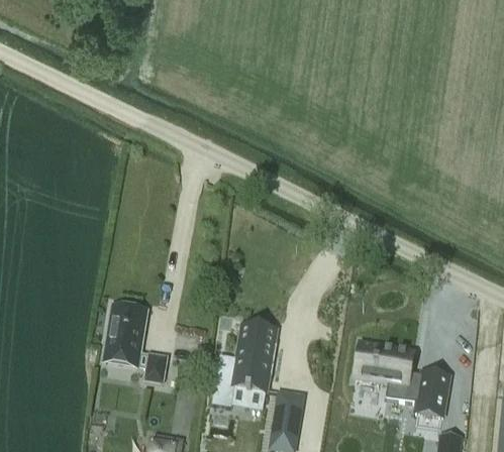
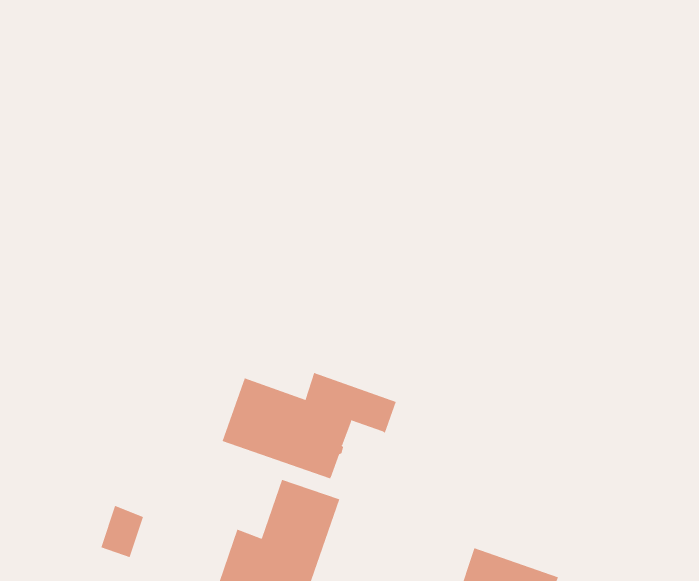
building: none -> [222,372,397,479]
building: [103,305,146,367] -> none

